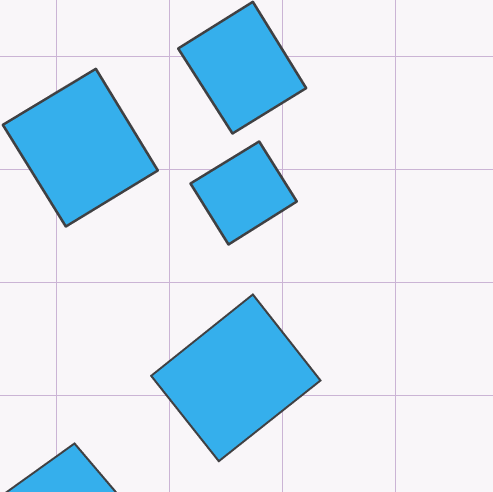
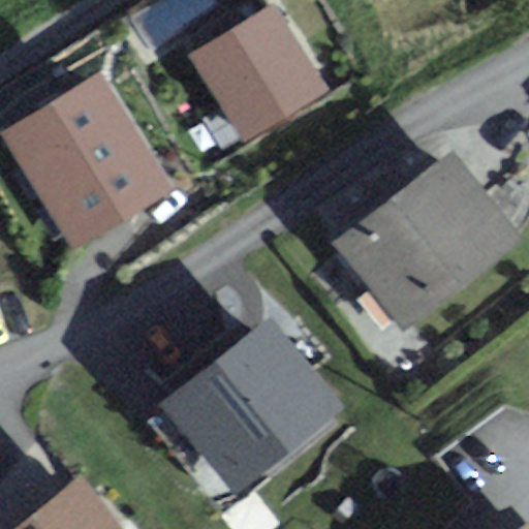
building: [190,141,297,244] -> none
building: none -> [341,158,516,325]

